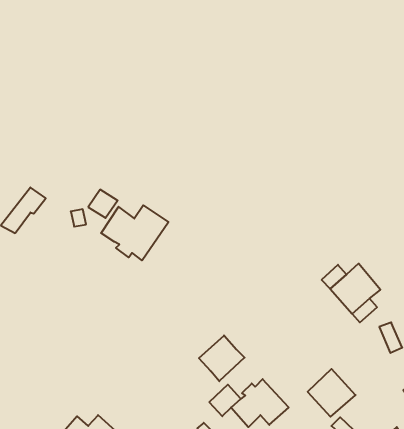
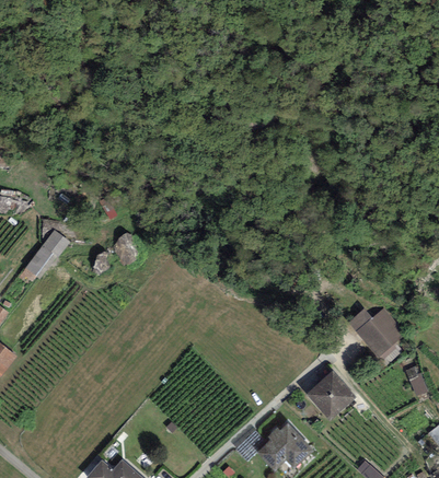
building: [101,205,168,260] -> none
building: [199,335,245,381] -> none
building: [308,369,356,417] -> [308,371,356,419]

